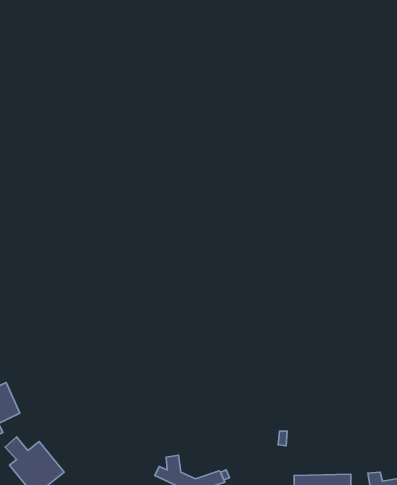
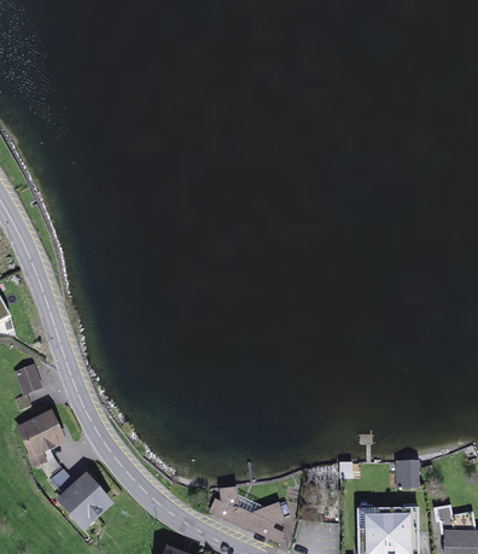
building: none -> [396,461,419,484]

